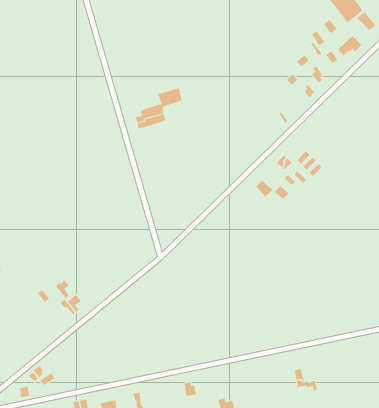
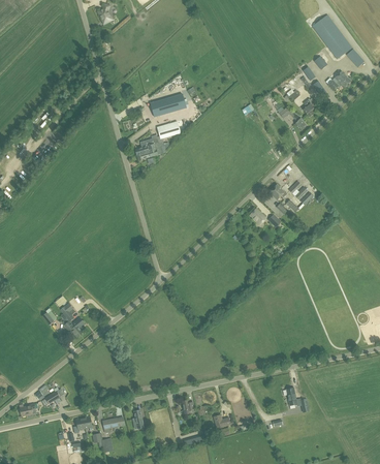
building: none -> [150,93,185,117]

